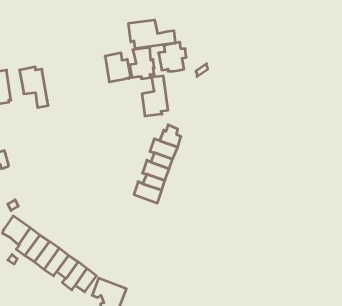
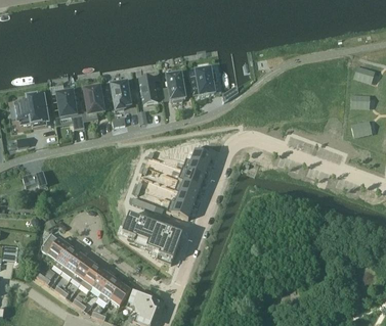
building: [129,20,175,48] -> none
building: none -> [111,80,135,107]
building: none -> [84,85,108,112]
building: [142,76,168,116] -> none
building: none -> [121,214,182,264]

